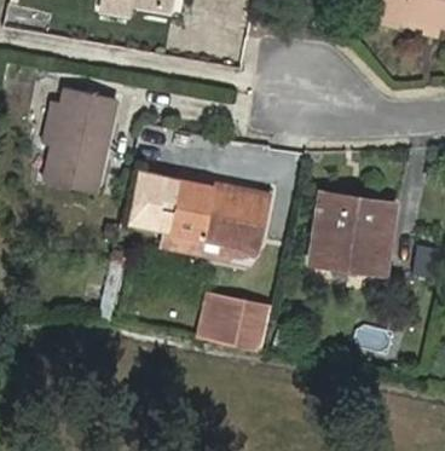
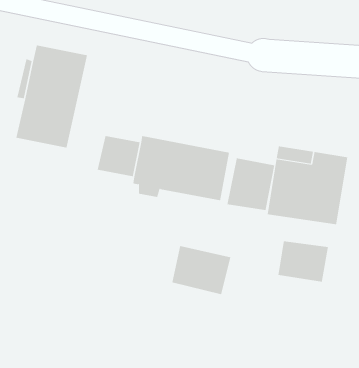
building: none -> [227,158,275,211]
building: none -> [278,240,328,283]

